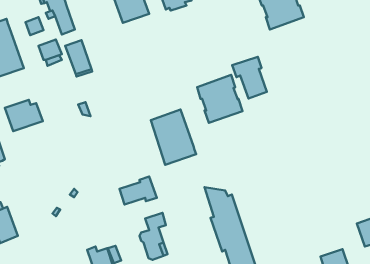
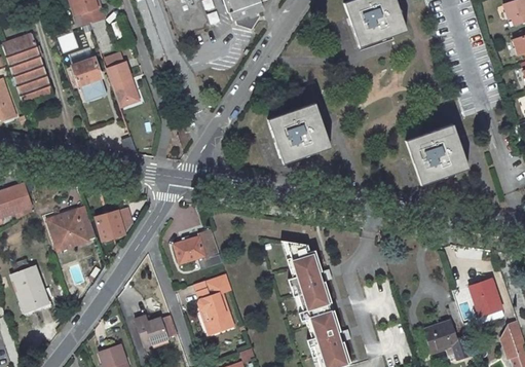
building: [232,57,267,98] -> none
building: none -> [407,123,464,183]
building: [5,100,43,131] -> [47,210,95,249]
building: [151,110,196,165] -> none
building: none -> [96,208,133,240]

